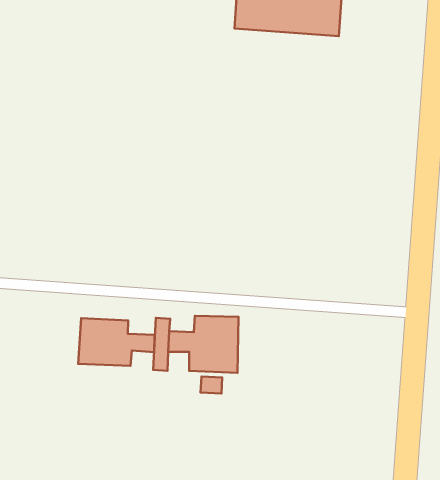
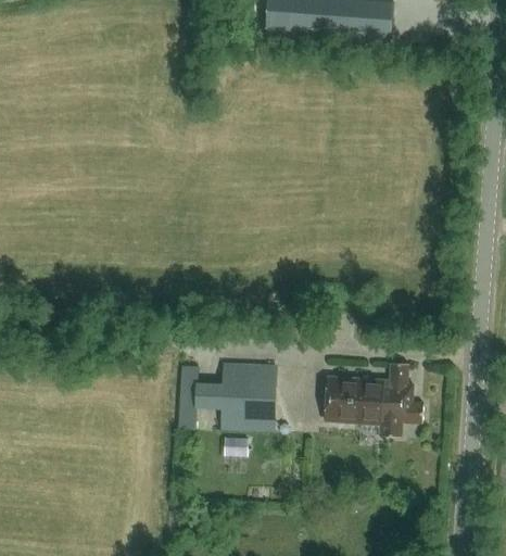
building: none -> [327,362,423,435]
building: [78,318,155,366] -> none

